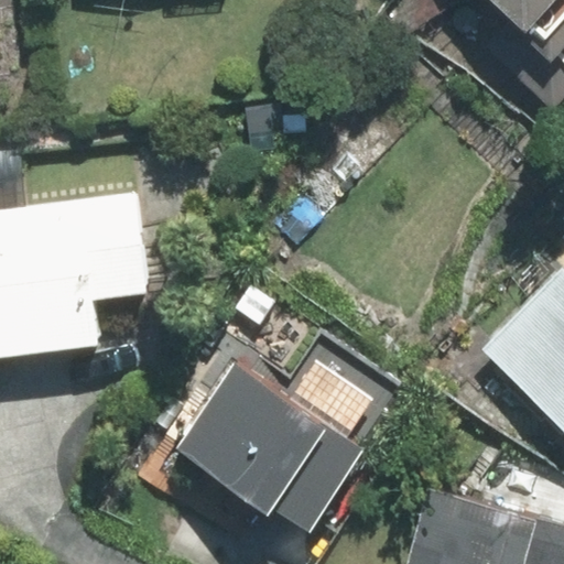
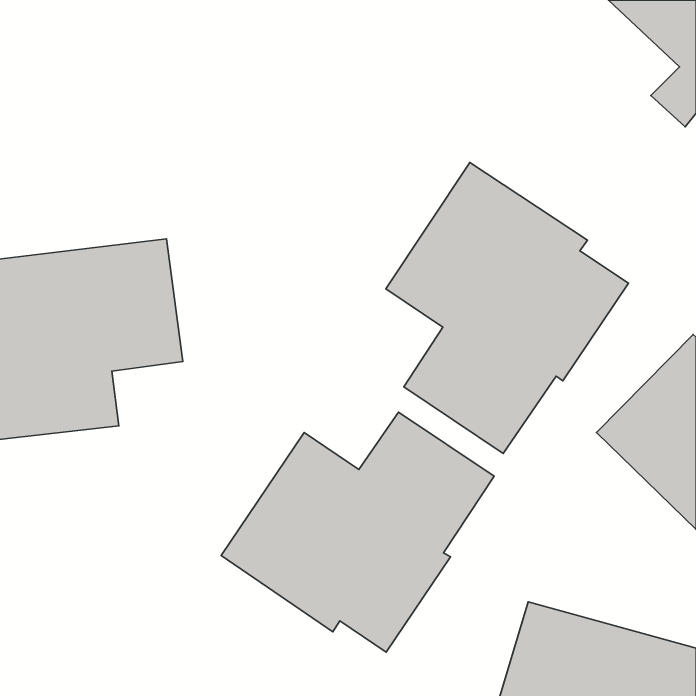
building: none -> [386,162,628,454]

